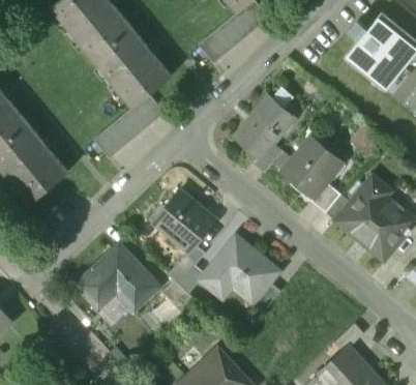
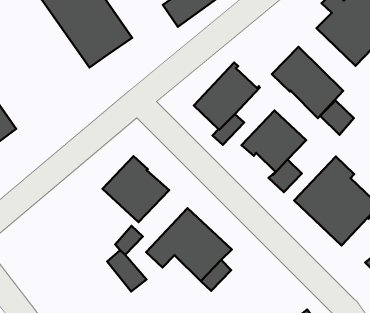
building: none -> [272,47,343,118]
building: [94,95,165,159] -> none
building: [77,244,158,308] -> none

